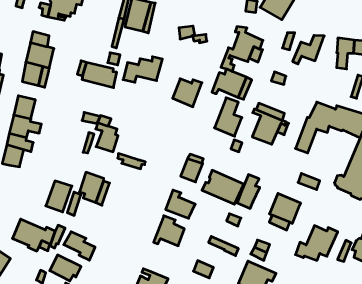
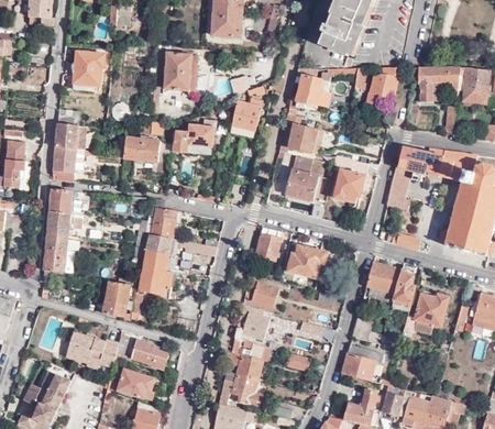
building: [173,79,202,107] -> [230,99,262,131]
building: none -> [143,235,172,272]
building: [237,175,260,208] -> [392,272,416,311]
building: none -> [229,339,270,380]

